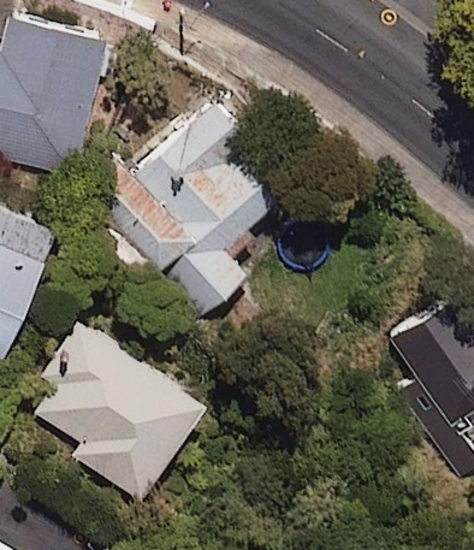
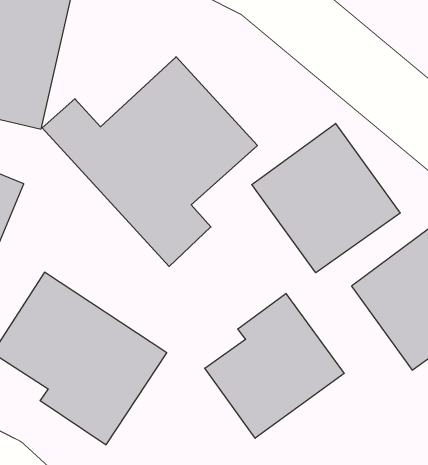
building: none -> [252,123,400,273]
building: none -> [205,293,344,438]

